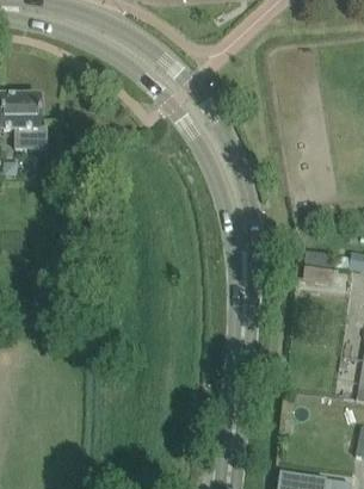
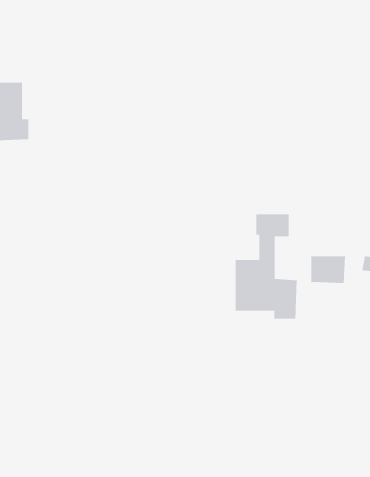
building: none -> [235,213,297,319]

